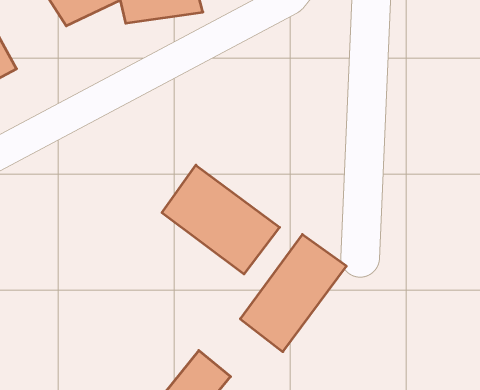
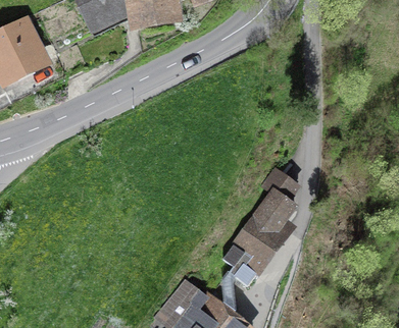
building: [162,165,280,274] -> none

